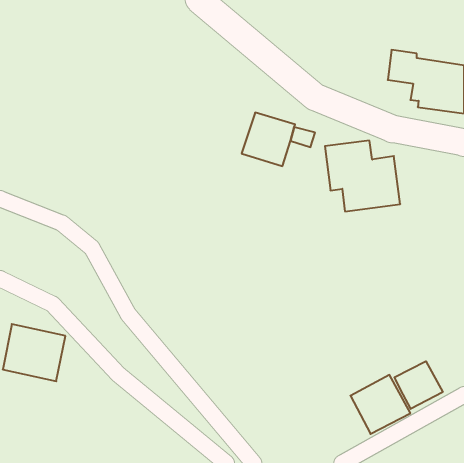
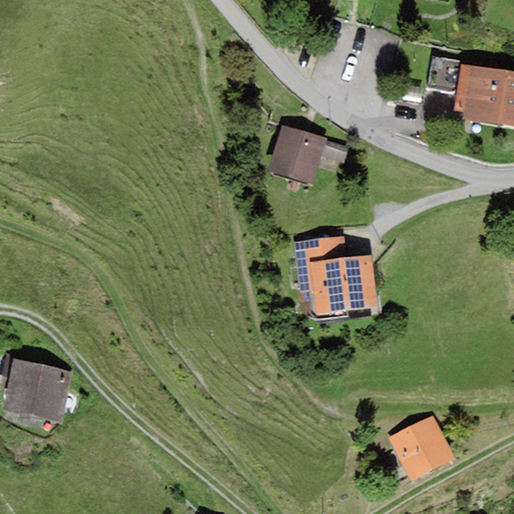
building: [325,141,400,211] -> [294,236,377,314]
building: [394,361,443,409] -> none

